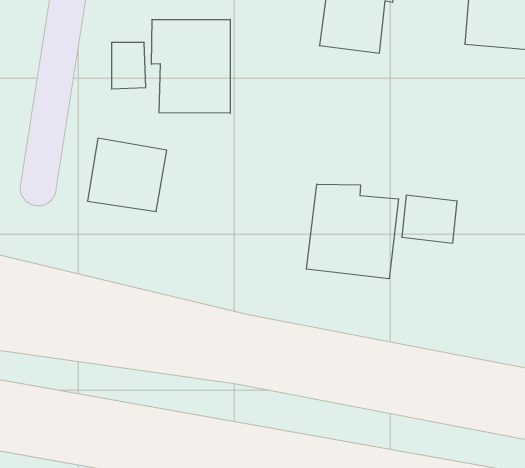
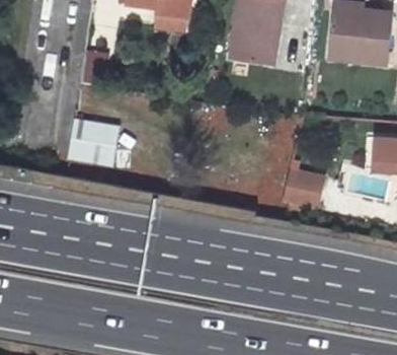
building: [152,19,230,113] -> none
building: [307,184,398,279] -> none

